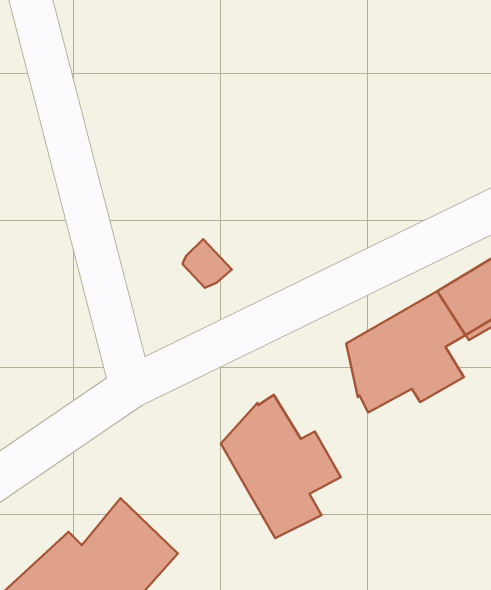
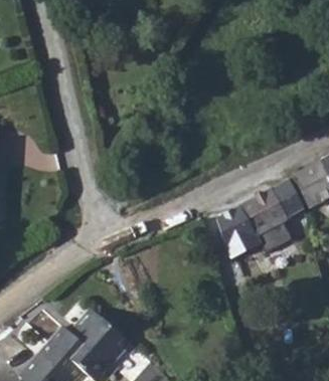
building: [221,395,341,538] -> none

